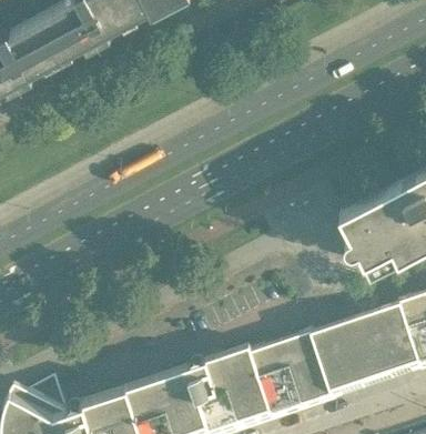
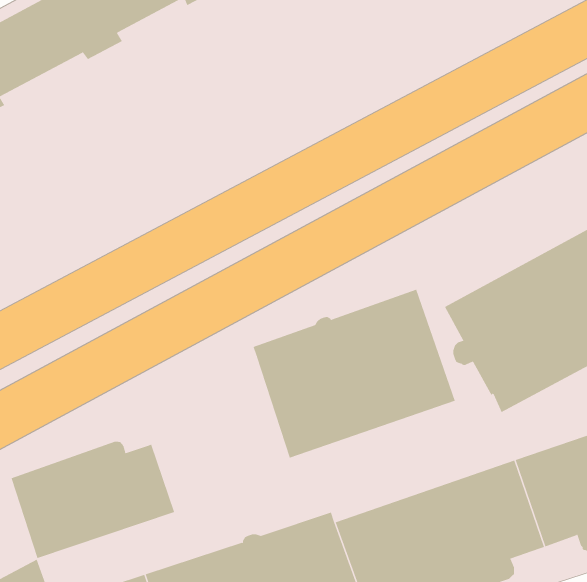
building: none -> [253,289,456,459]
building: none -> [11,441,175,559]

